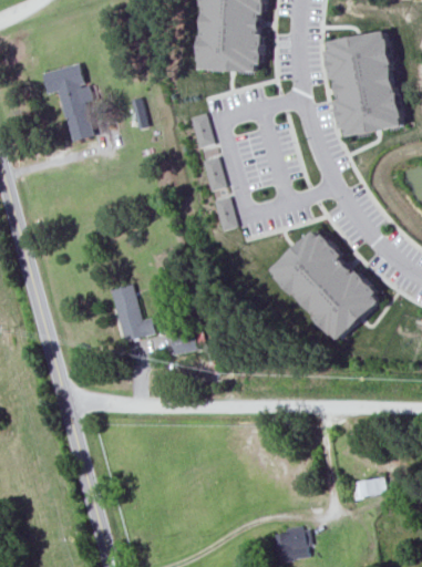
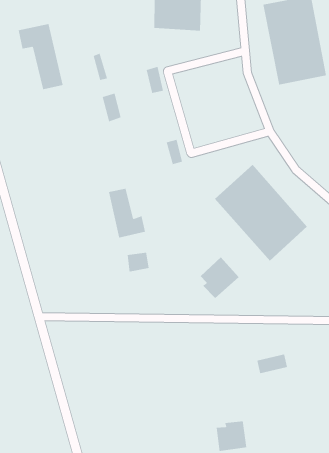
building: [202,155,225,189] -> [102,93,122,122]
building: [109,284,153,342] -> [108,188,146,238]
building: none -> [200,257,239,299]
building: [348,476,384,499] -> [257,354,288,374]

